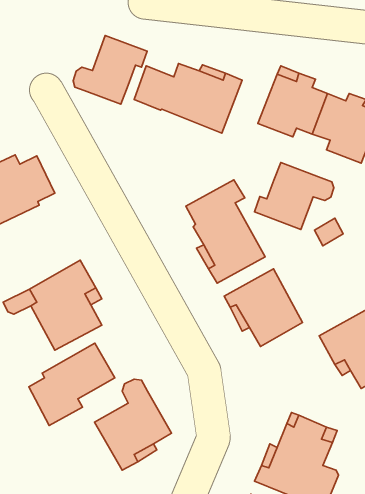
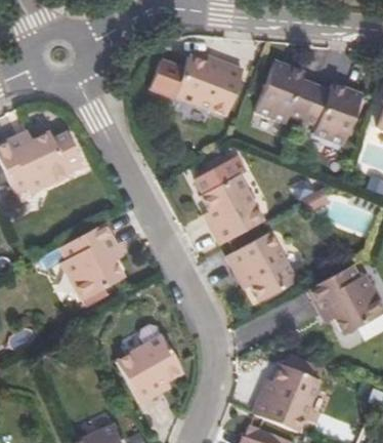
building: [73,35,147,104] -> none
building: [255,163,334,229] -> none
building: [29,343,115,426] -> none

